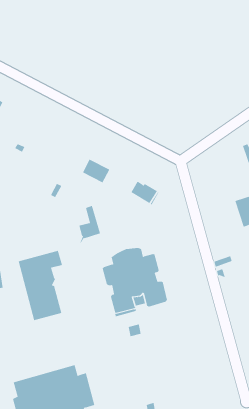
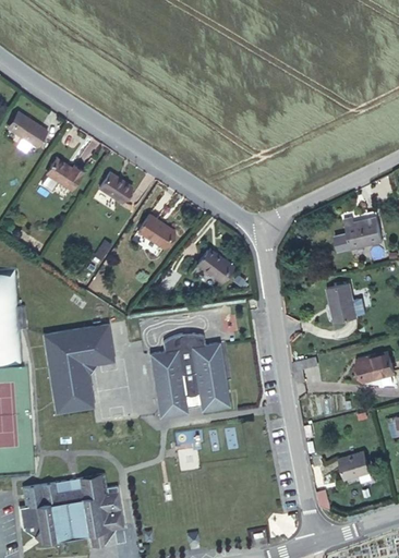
building: none -> [46,158,83,190]
building: none -> [99,172,132,203]
building: [78,205,101,243] -> [85,324,113,371]

